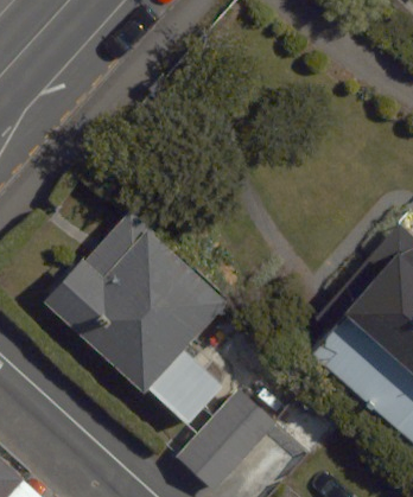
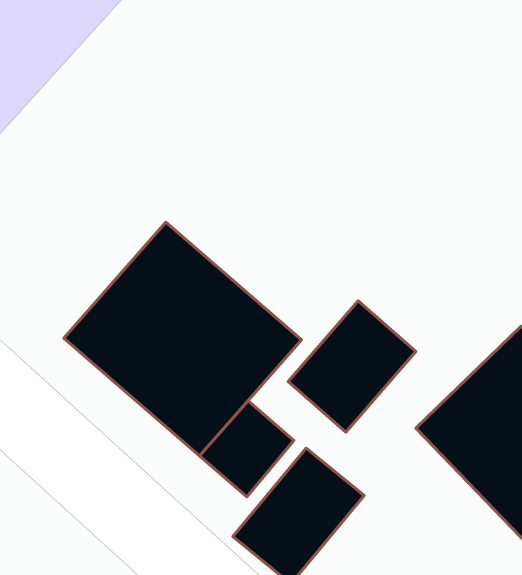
building: none -> [288,301,416,432]

